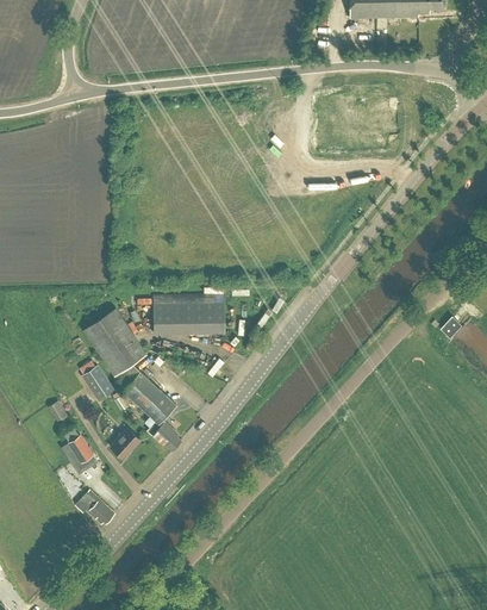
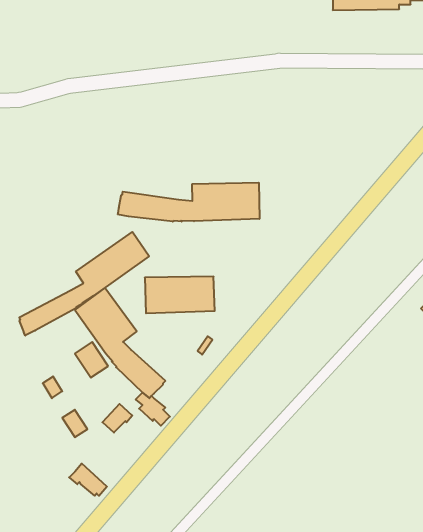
building: none -> [118,183,259,222]
building: none -> [19,232,149,336]

